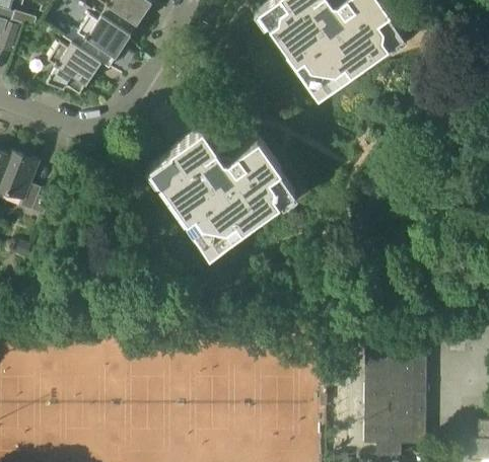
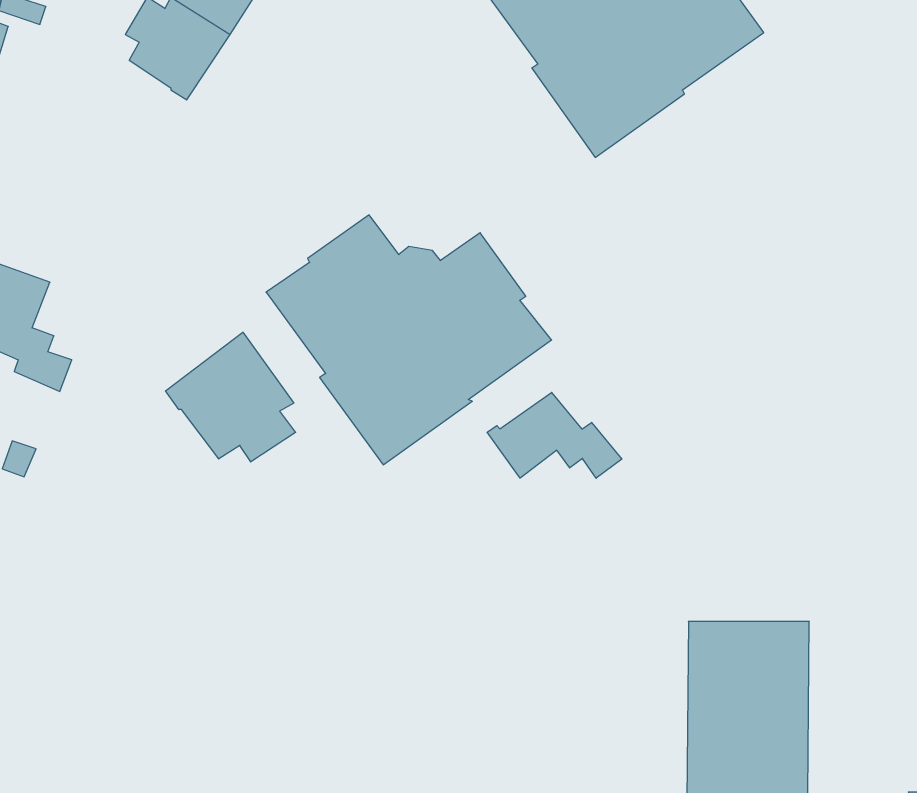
building: [46,46,100,98] -> none
building: none -> [166,332,296,462]
building: none -> [487,392,622,478]

